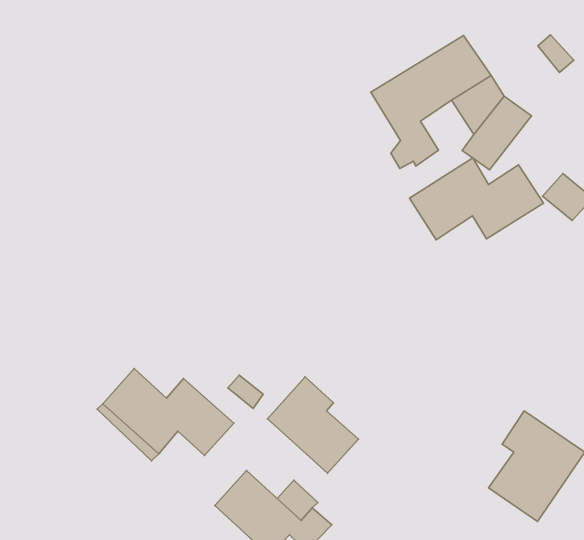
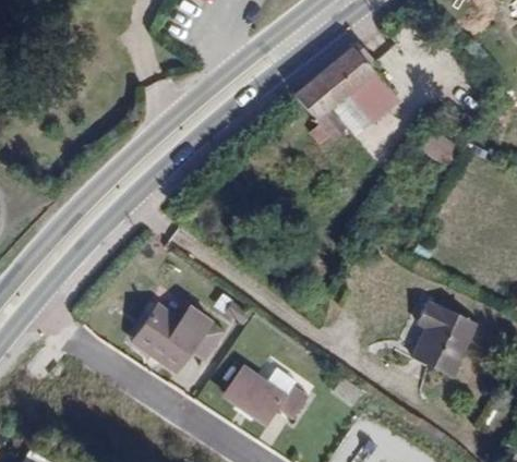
building: [409,158,544,240] -> none
building: [267,377,358,473] -> none

